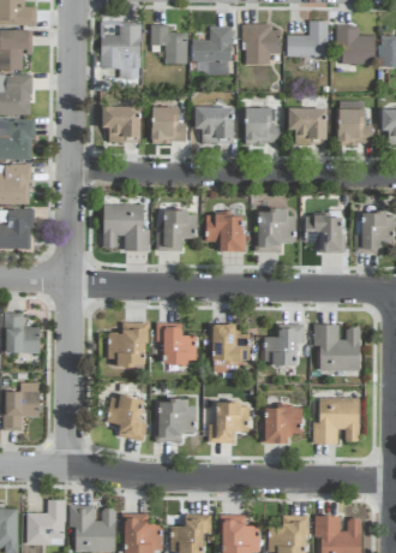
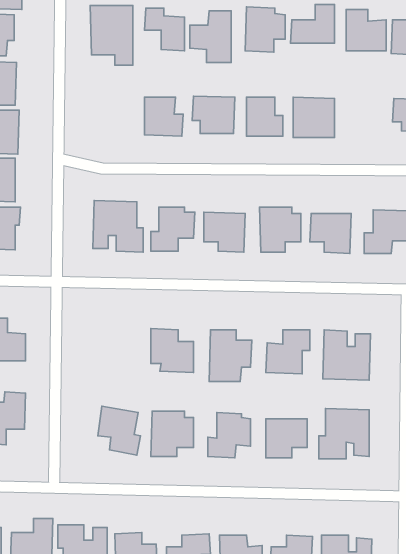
building: [337,100,372,143] -> none
building: [101,105,140,142] -> none
building: [107,322,146,363] -> none

